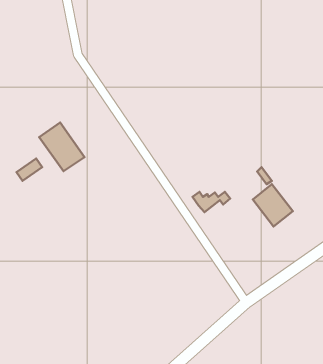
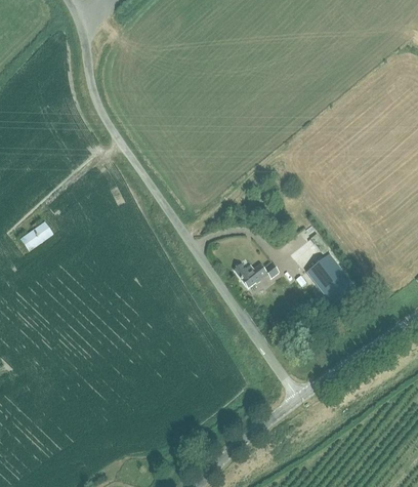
building: [39,123,84,171] -> none

